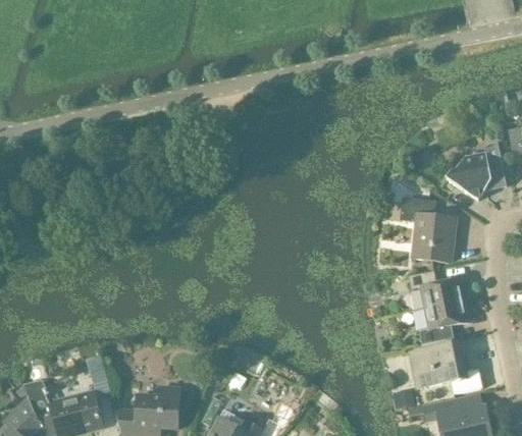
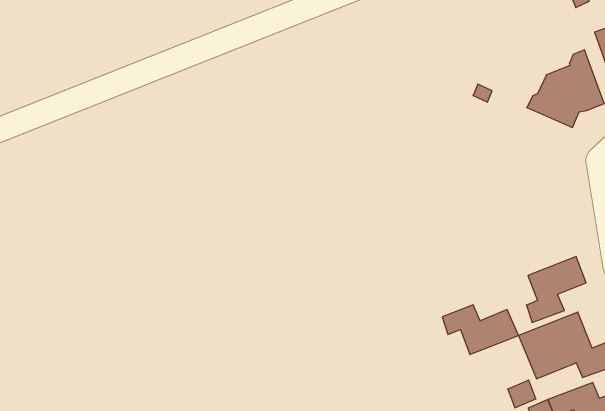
building: [400,197,456,262] -> none
building: [408,270,464,308] -> [442,305,518,354]

